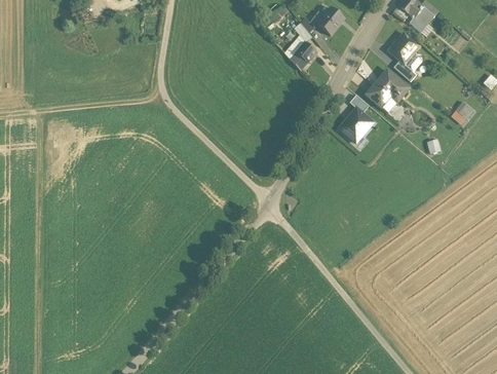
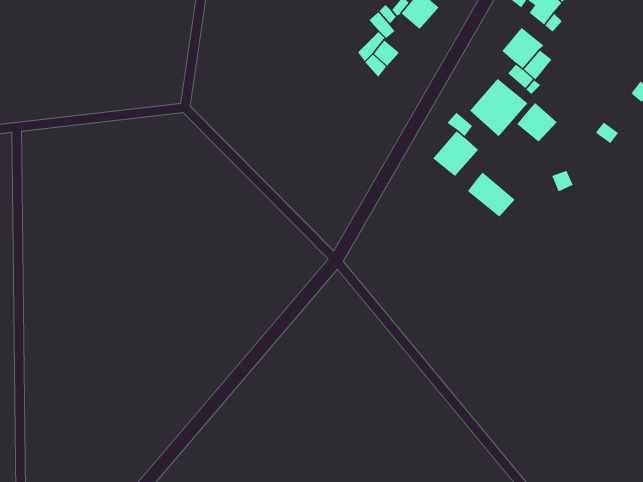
building: none -> [516,102,557,143]
building: none -> [467,172,515,218]

